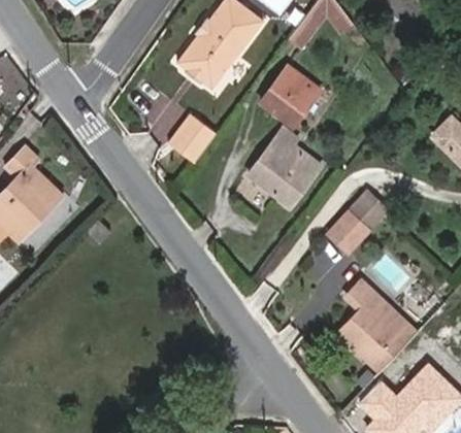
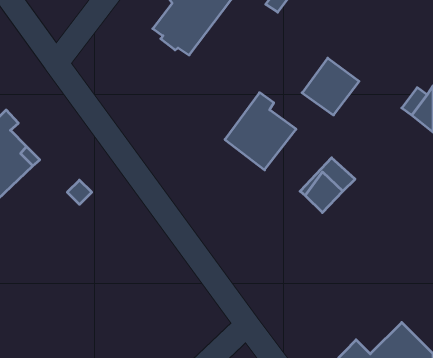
building: [262,67,320,125] -> [302,58,359,115]
building: [171,113,219,163] -> none
building: [339,284,417,371] -> none

